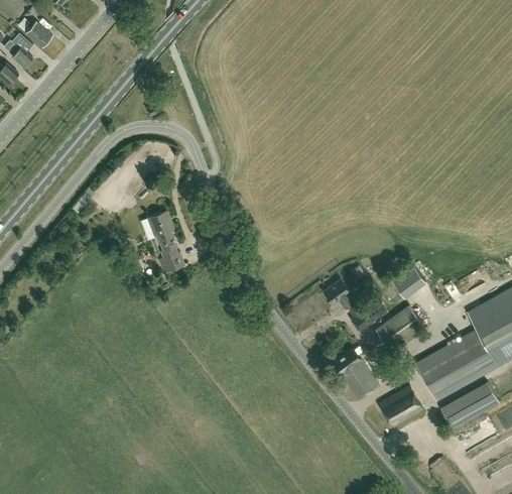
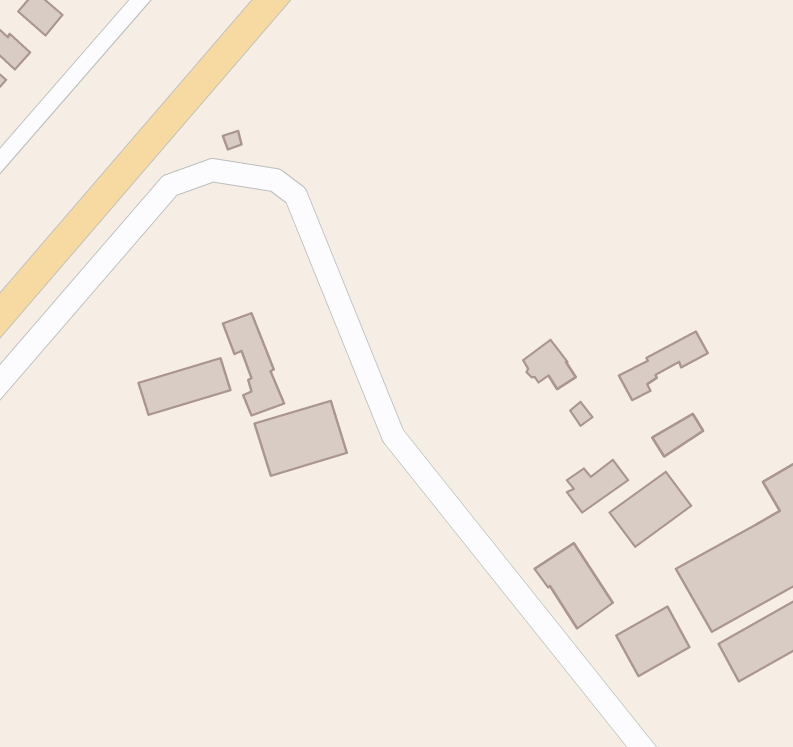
building: none -> [619,331,708,400]
building: none -> [138,358,231,415]
building: none -> [255,401,347,476]
building: [325,279,356,308] -> [523,340,576,389]

